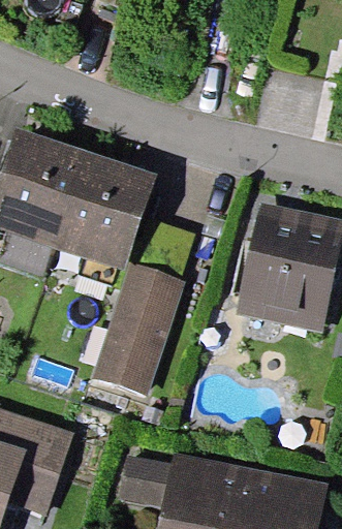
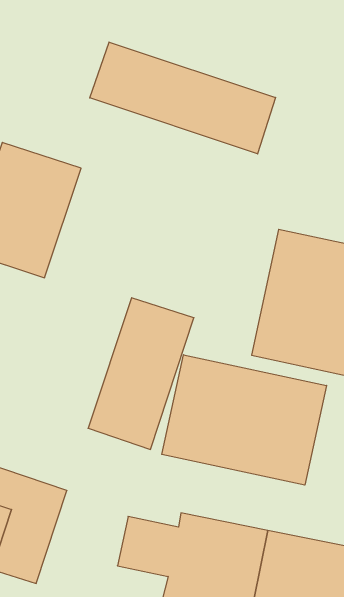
building: none -> [90,42,276,154]
building: [53,150,156,270] -> none
building: none -> [162,355,327,485]

